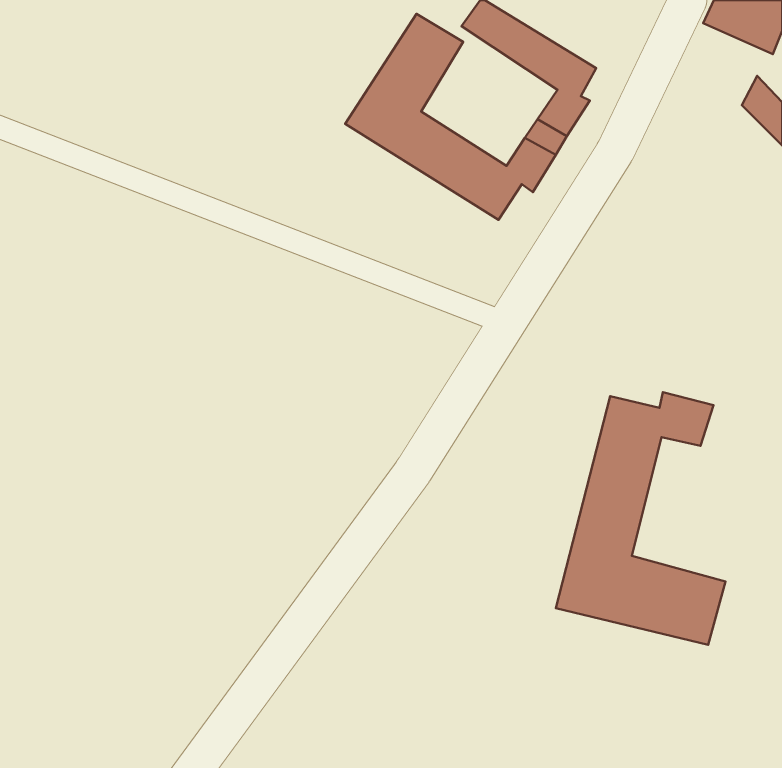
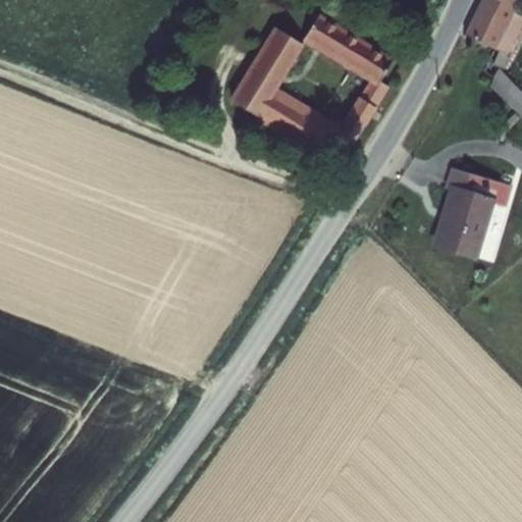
building: none -> [447,174,511,263]
building: [556,392,726,645] -> none

